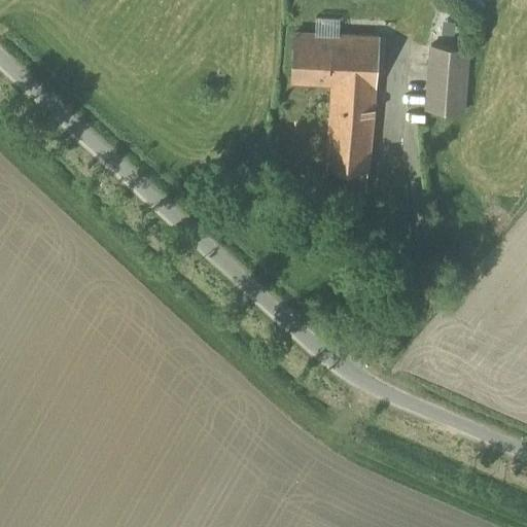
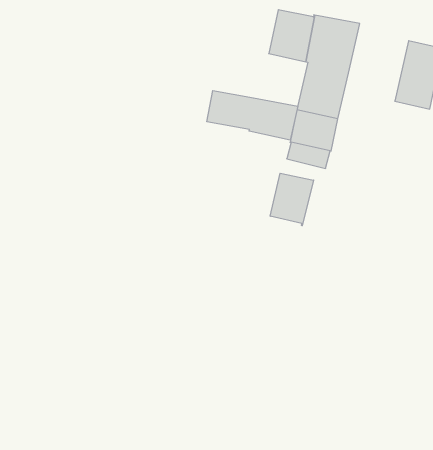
building: none -> [207,91,298,140]
building: none -> [270,173,314,226]

